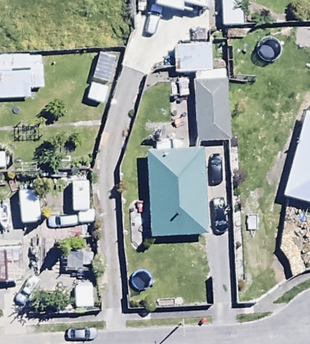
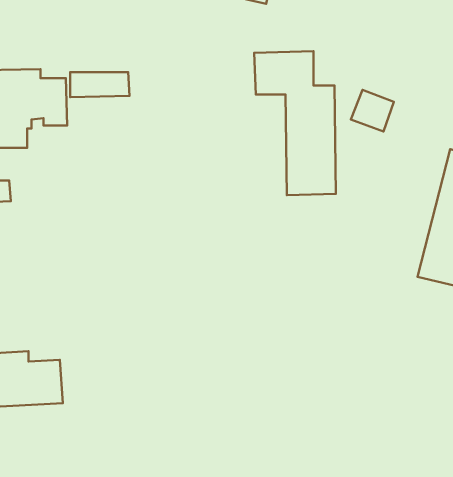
building: [137,148,206,234] -> none

